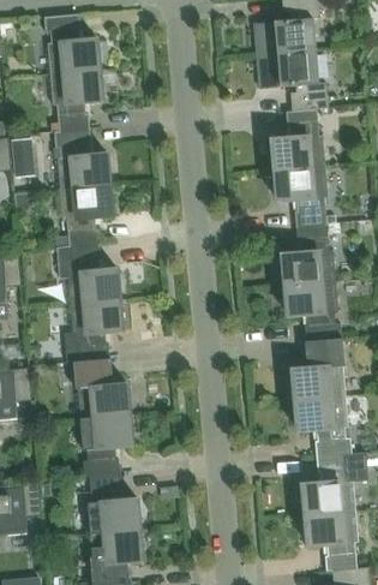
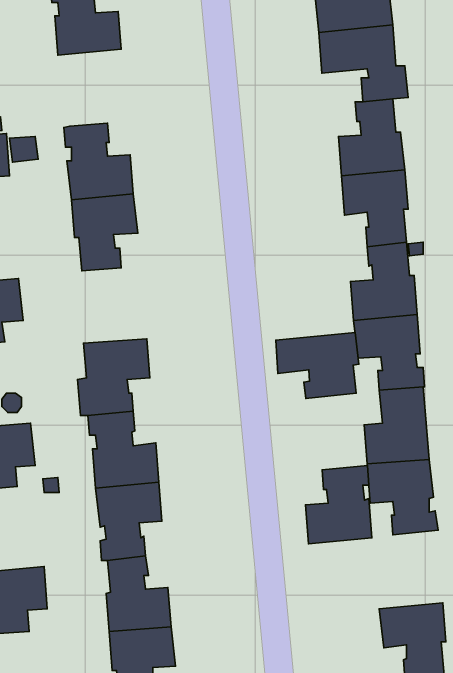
building: [49,70,102,131] -> none
building: [58,244,120,304] -> none
building: none -> [276,333,359,399]
building: [302,453,355,515] -> [305,465,372,544]

